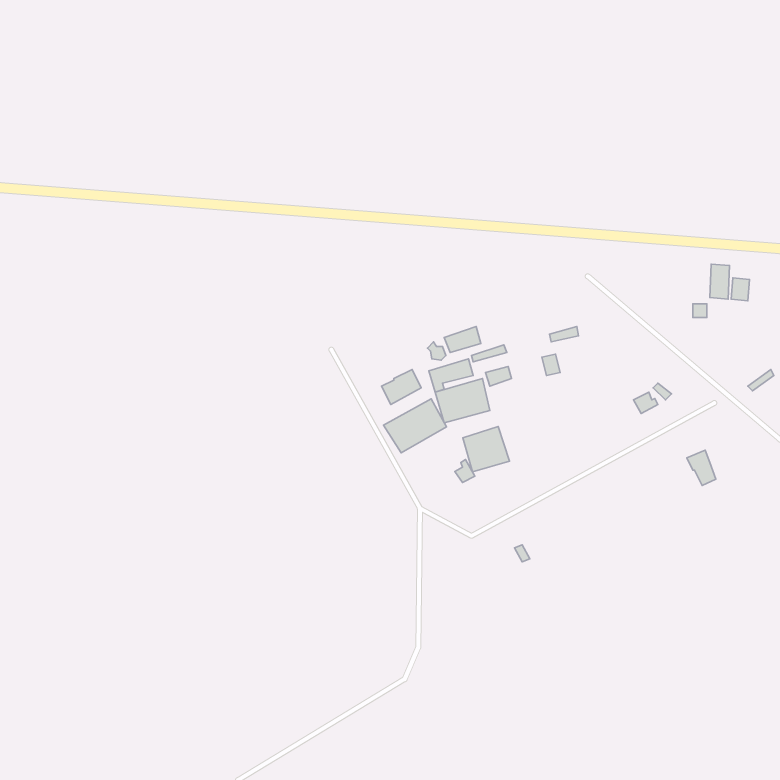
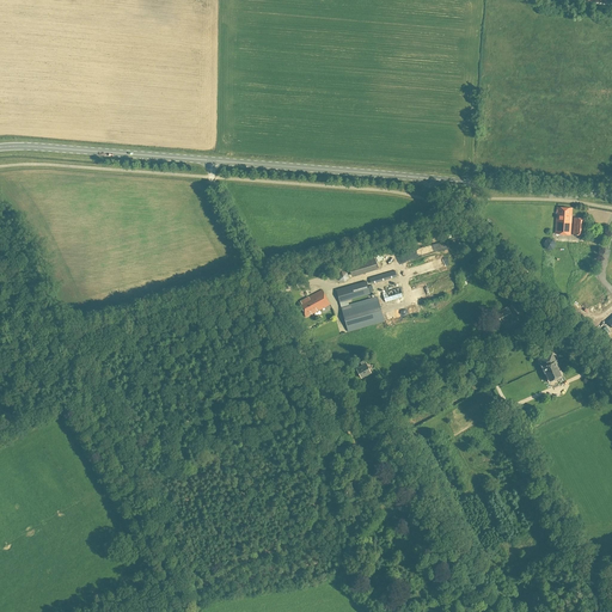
building: [384,399,446,453] -> none
building: [463,426,510,472] -> none

